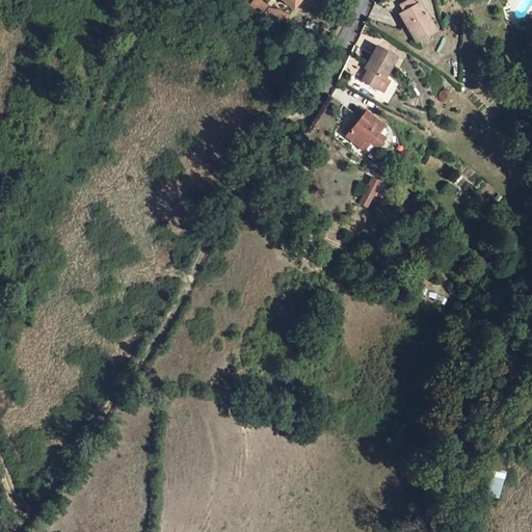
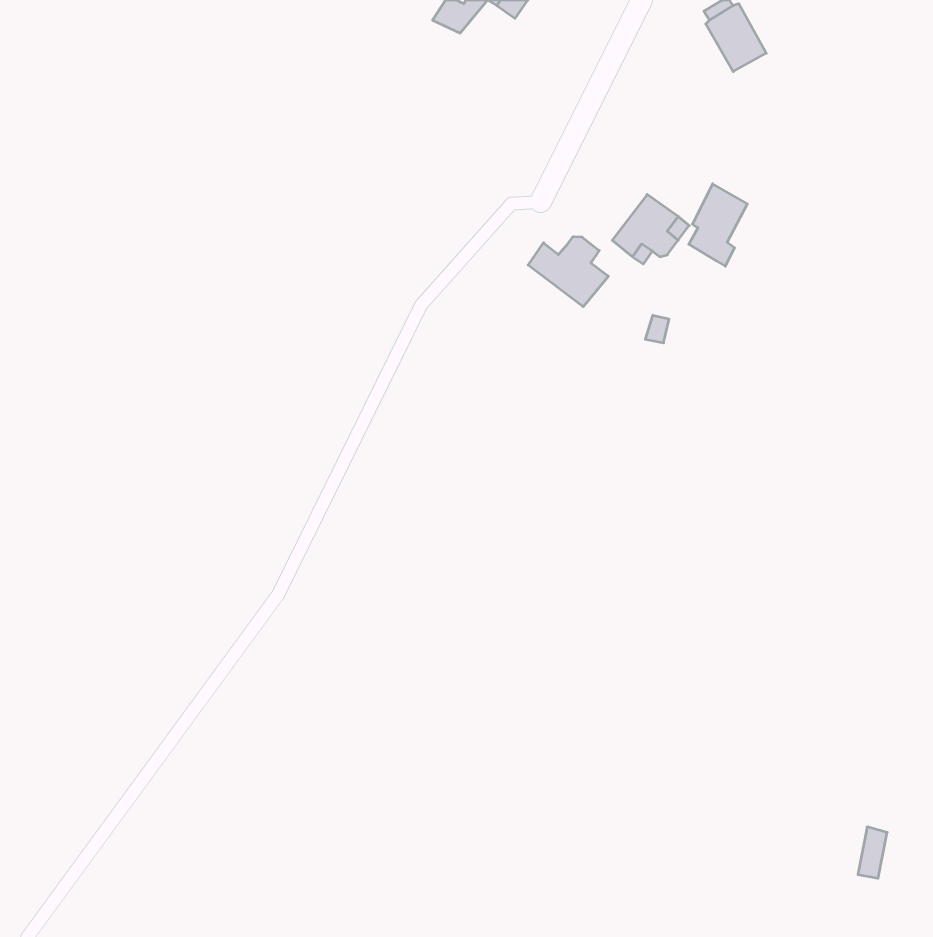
building: [364,45,397,91] -> [689,184,747,266]
building: none -> [528,237,608,307]

